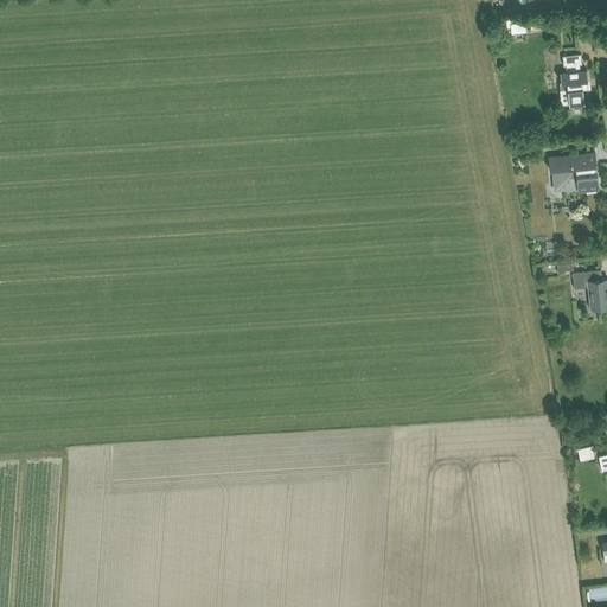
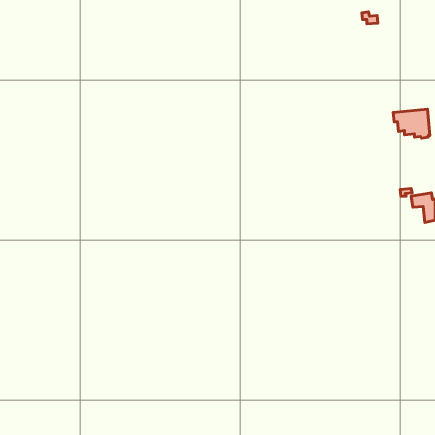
building: [560,55,588,108] -> none

